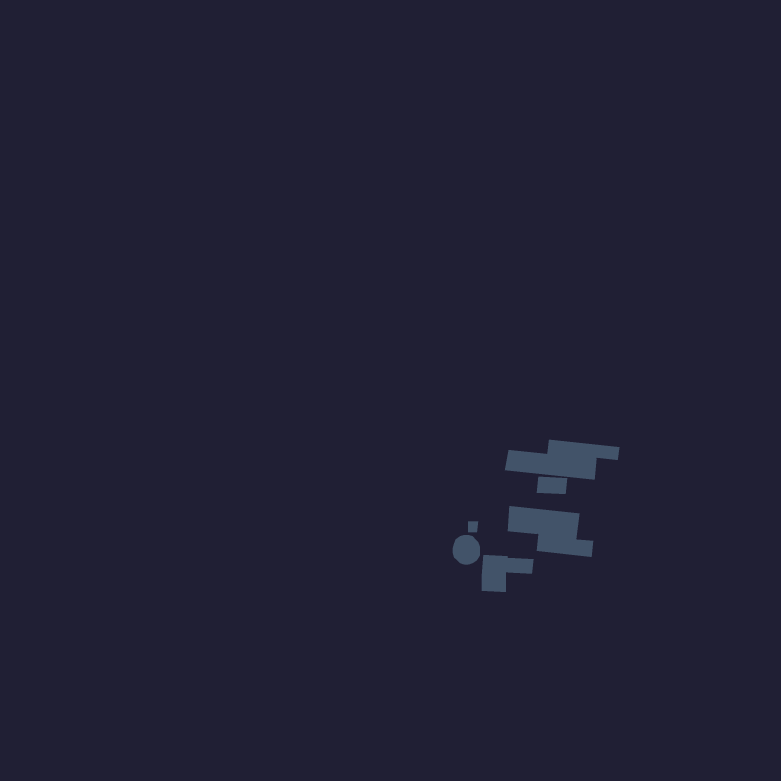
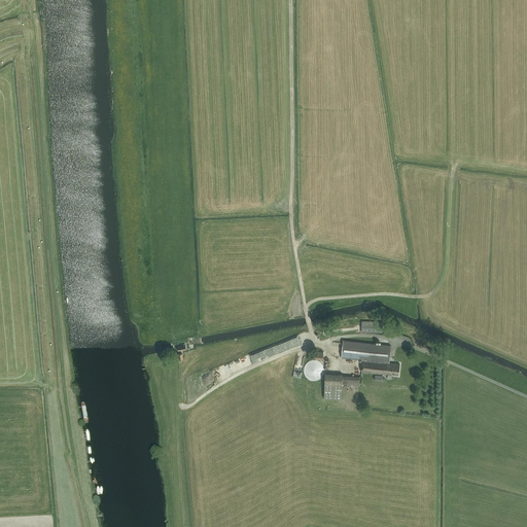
building: [504,439,620,481] -> none

